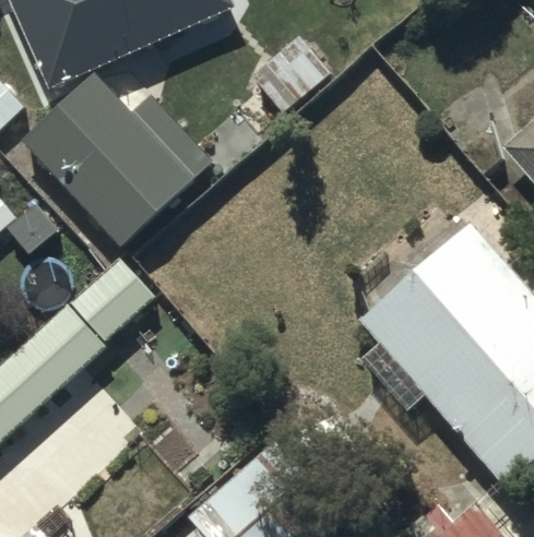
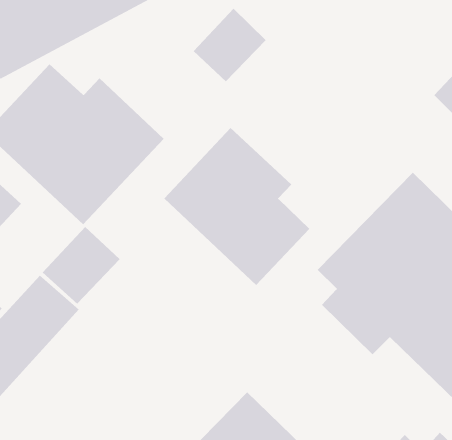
building: none -> [163,127,310,286]

